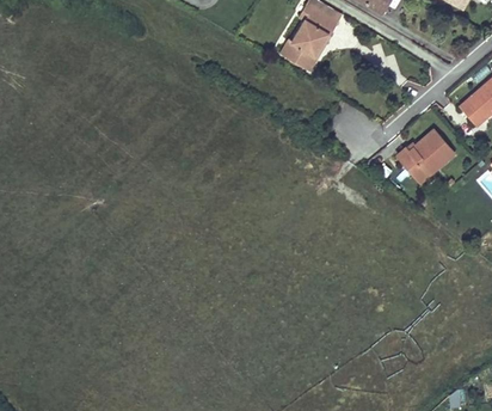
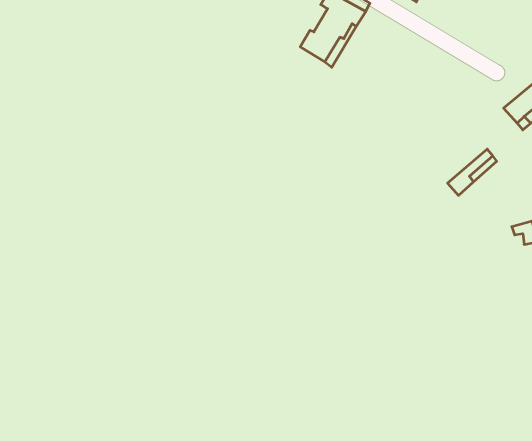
building: [396,130,444,172] -> none

